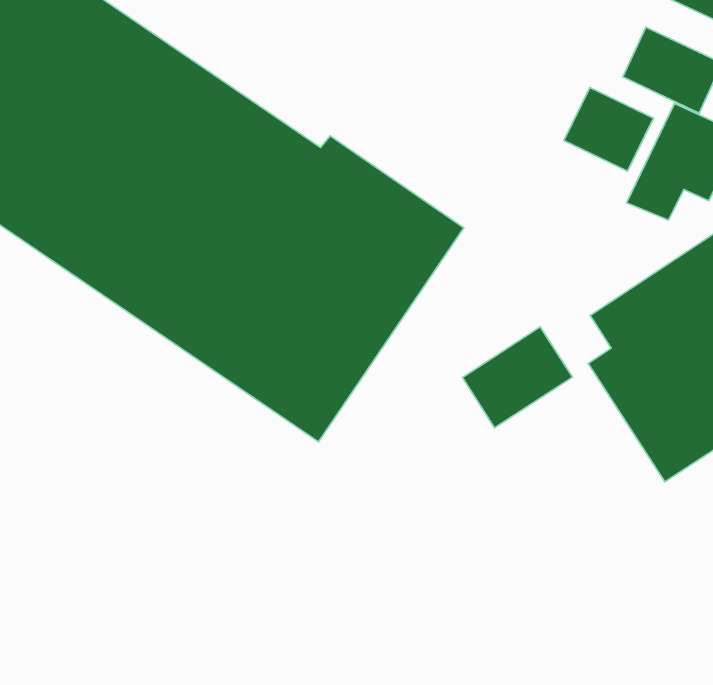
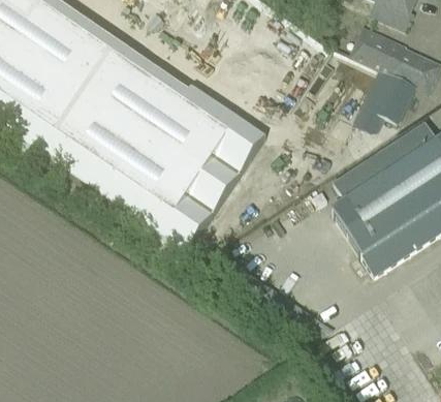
building: [564,88,654,171] -> none
building: [462,327,572,428] -> none

